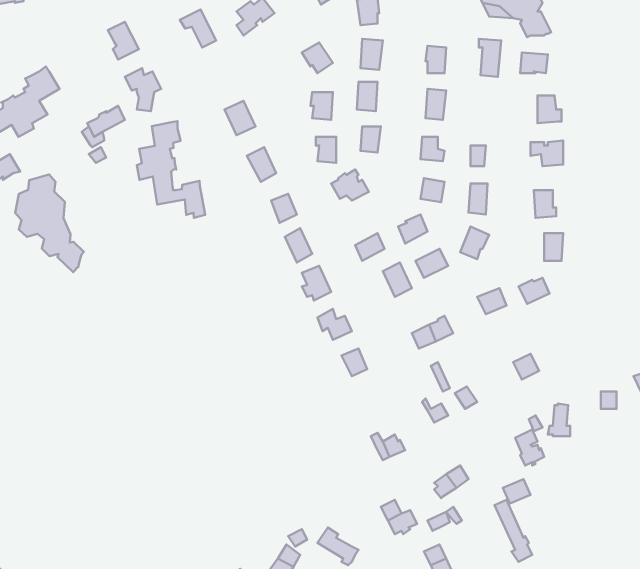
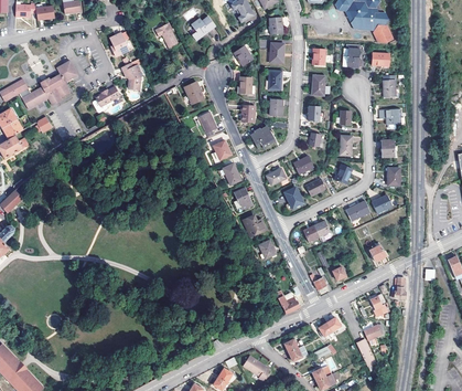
building: [137,121,205,218] -> none
building: [15,175,84,272] -> none

